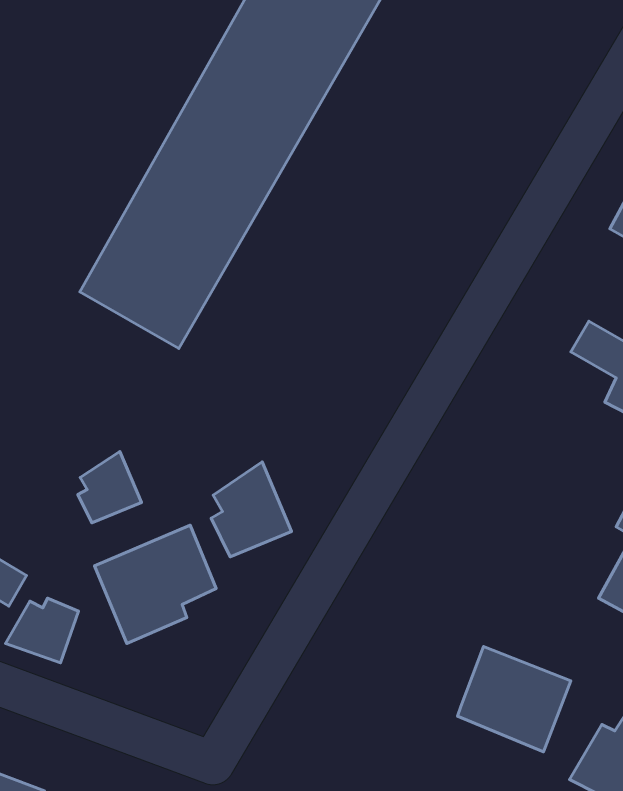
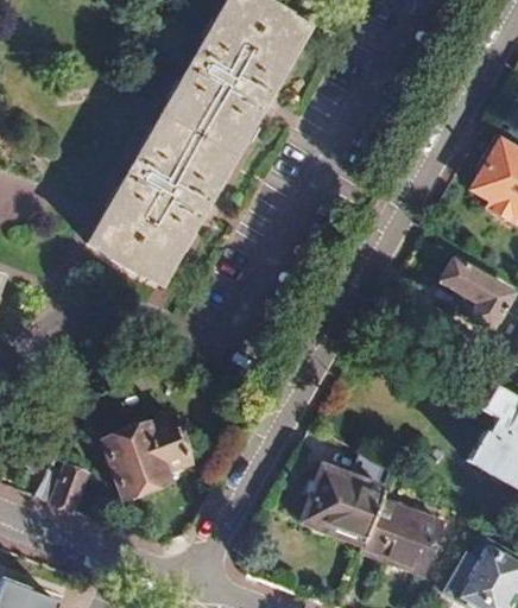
building: [78,452,141,523] -> none
building: [211,462,292,557] -> none
building: none -> [304,452,393,544]

